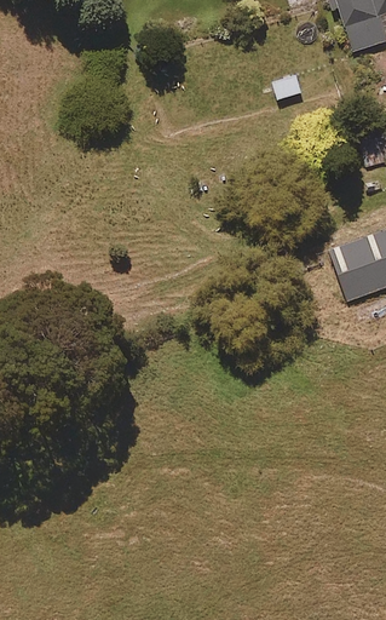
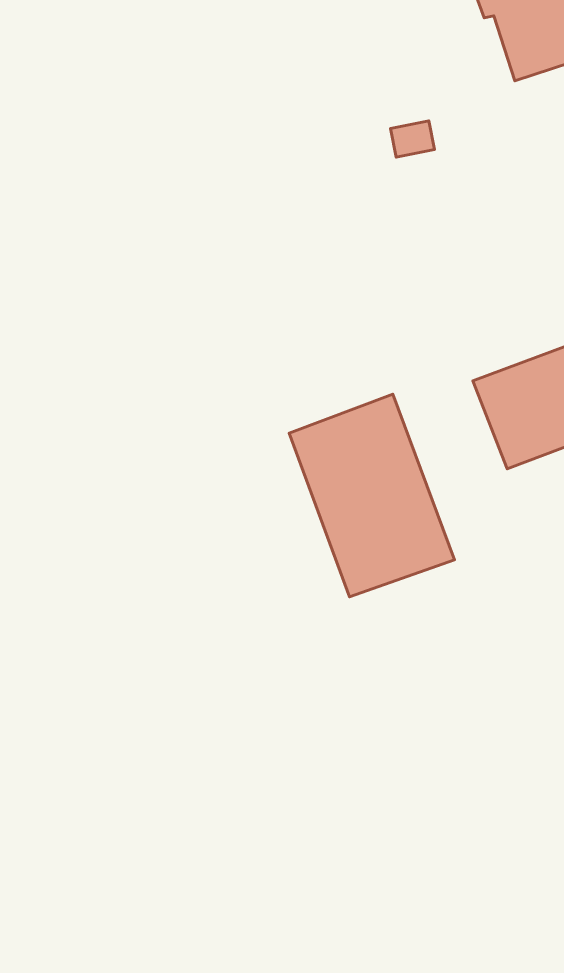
building: none -> [289,394,455,597]

